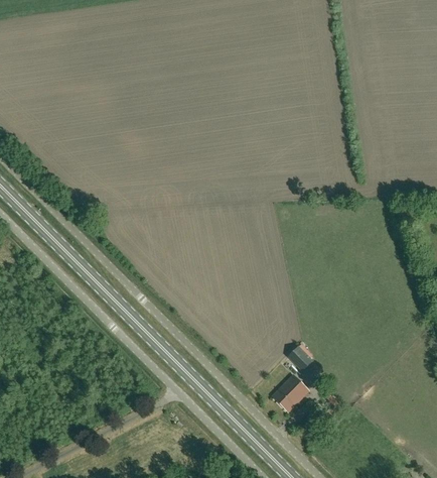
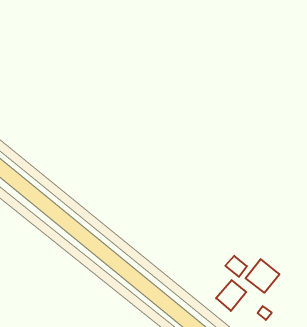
building: none -> [246,259,279,293]

